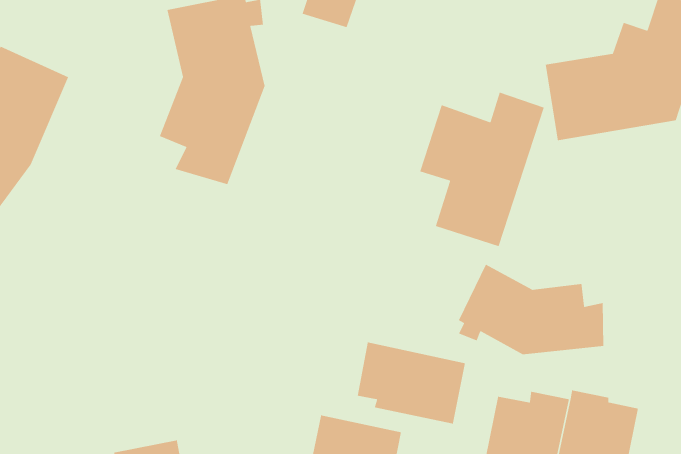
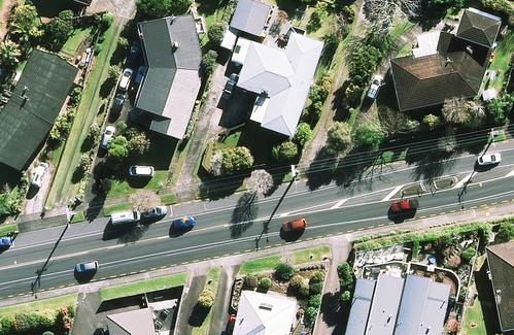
building: [419,92,545,247] -> [240,33,322,135]
building: [458,263,604,355] -> none
building: [357,342,466,424] -> none

